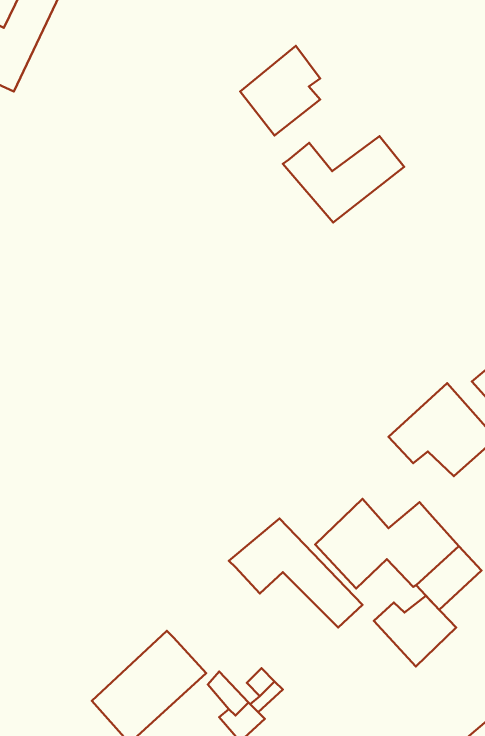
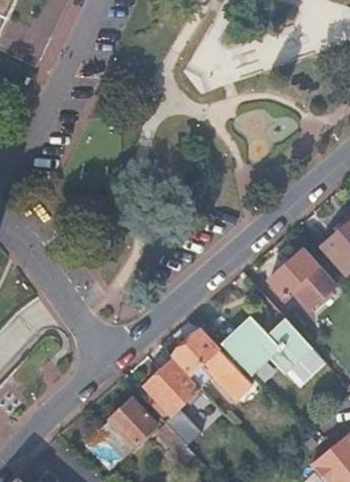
building: [283,136,404,222] -> none
building: none -> [144,360,199,413]
building: [374,596,456,666] -> none

